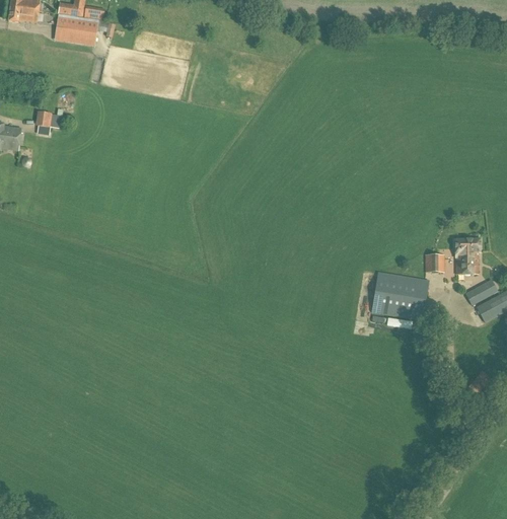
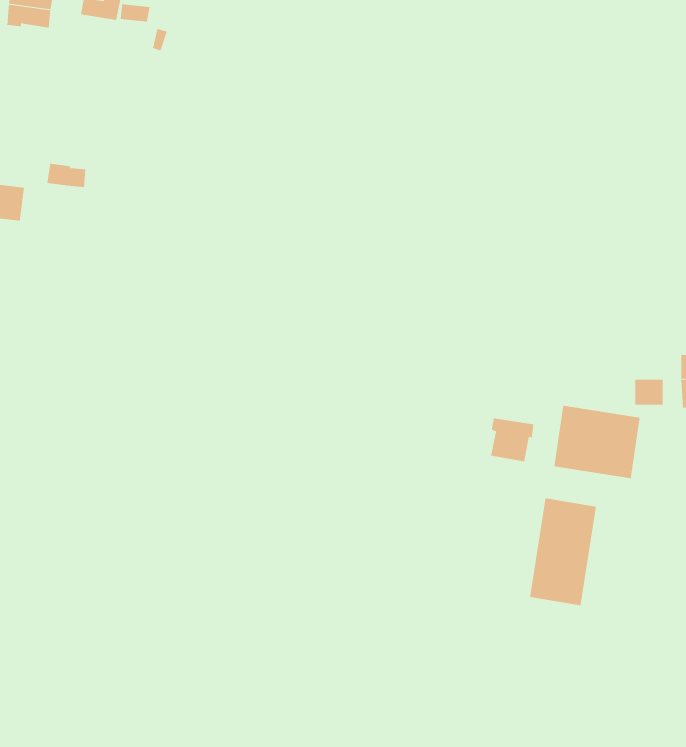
building: [54,16,98,46] -> none
building: none -> [491,417,534,462]
building: none -> [529,497,597,606]

